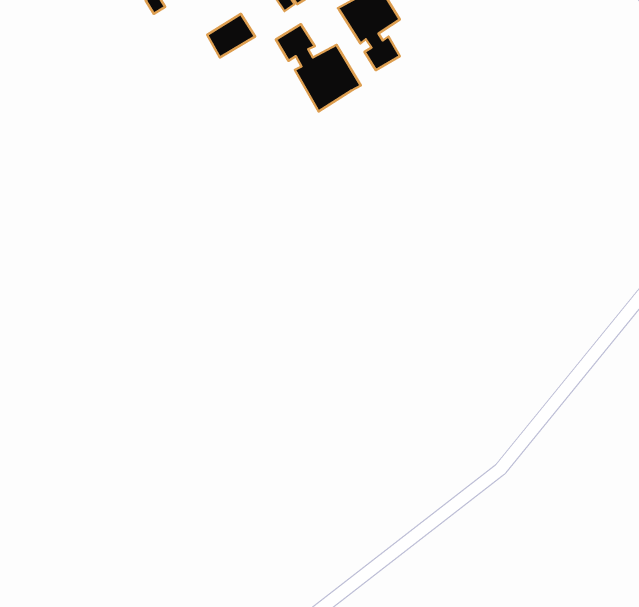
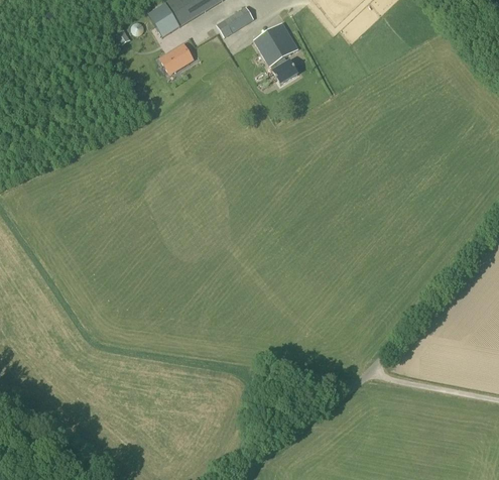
building: [276,24,361,112] -> none

